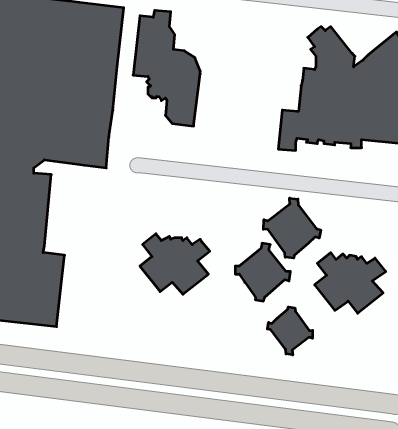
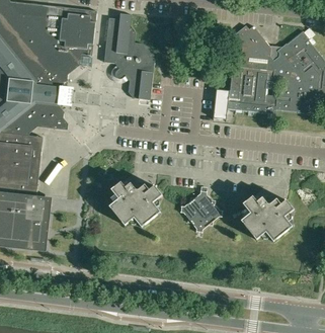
building: [263,198,321,258] -> none
building: [267,307,313,355] -> none

